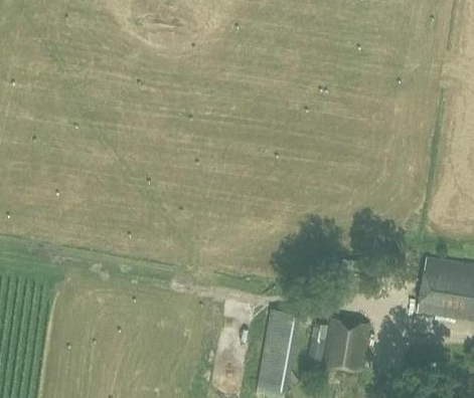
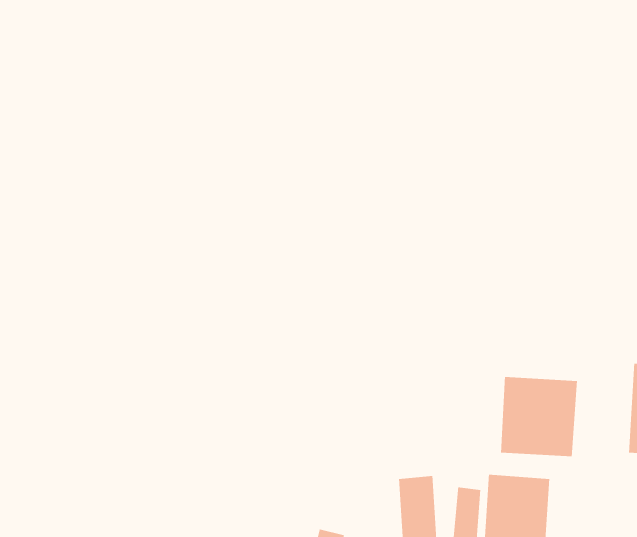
building: none -> [500,376,578,457]

